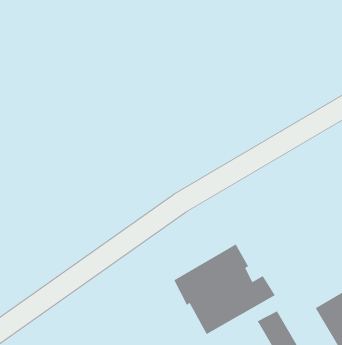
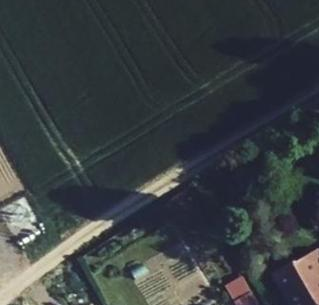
building: [173,244,276,335] -> none

